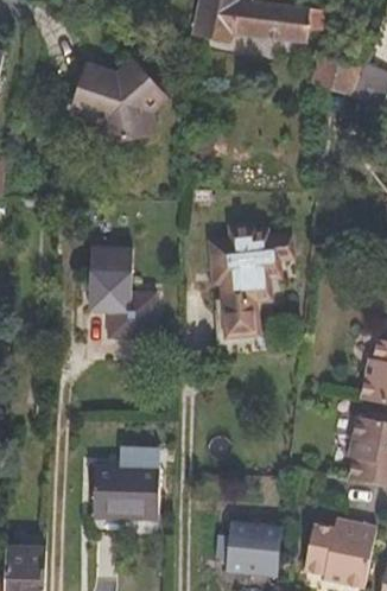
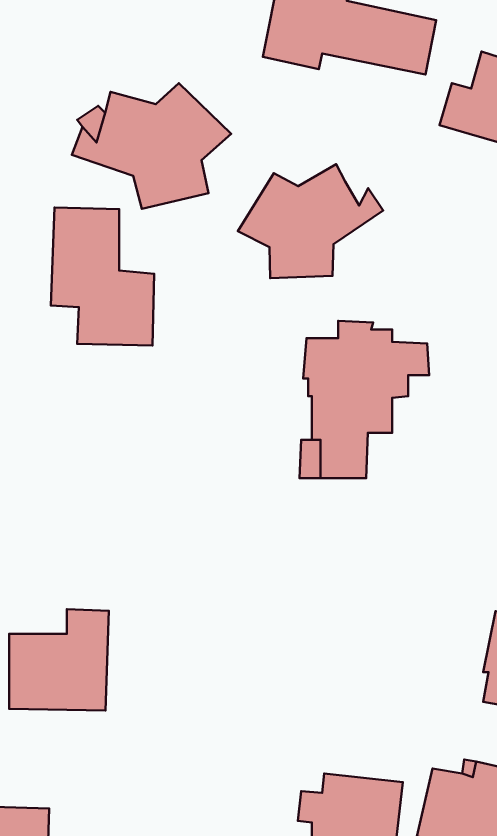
building: none -> [238,164,383,278]
building: [88,246,158,339] -> [51,207,154,346]
building: [94,441,161,510] -> [9,609,109,711]

